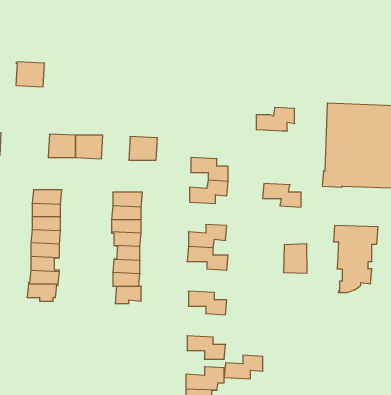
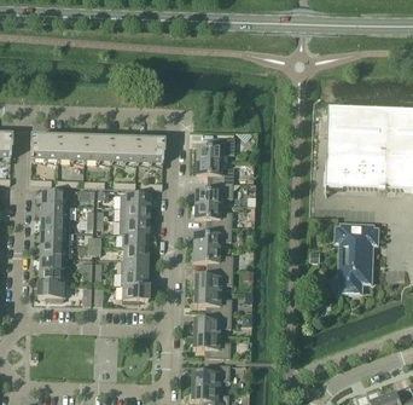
building: [16,62,44,87] -> [30,134,58,158]
building: [256,107,295,131] -> [196,137,233,160]
building: none -> [109,137,136,161]
building: [263,184,301,207] -> [193,202,231,225]
building: [284,244,307,273] -> none
building: none -> [193,267,231,290]
building: [224,355,263,379] -> [192,311,229,334]

